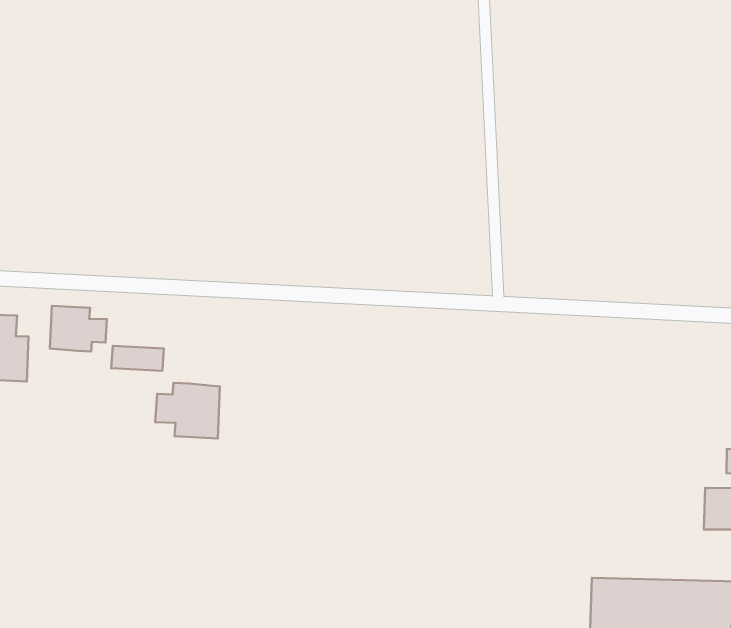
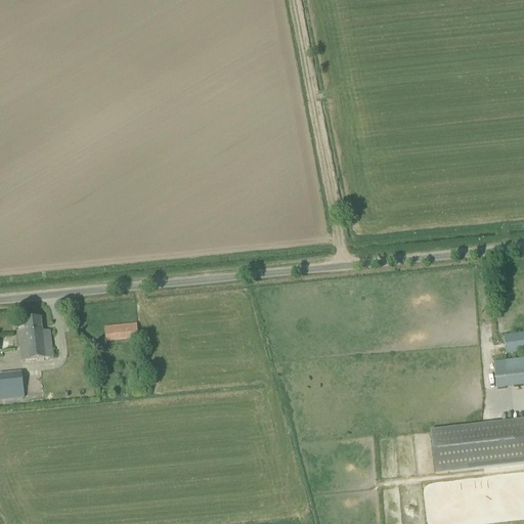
building: [50,306,107,352] -> none
building: [155,383,220,438] -> none

